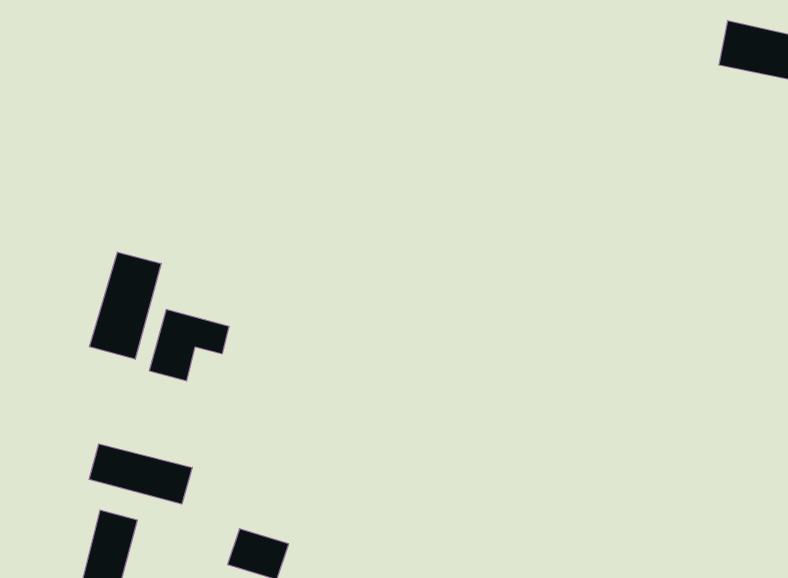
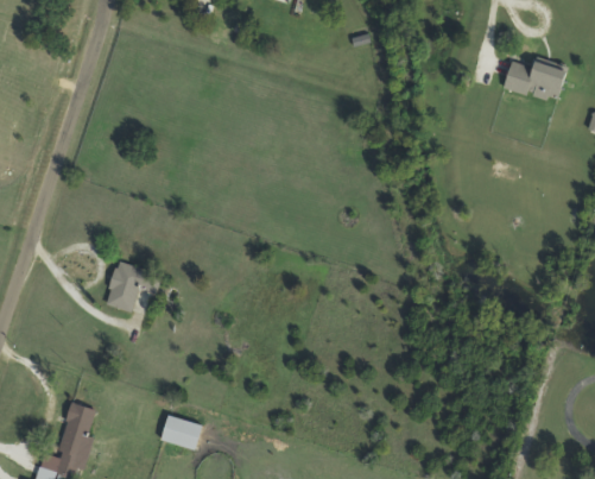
building: [90,252,161,359] -> none
building: [89,444,192,504] -> none

